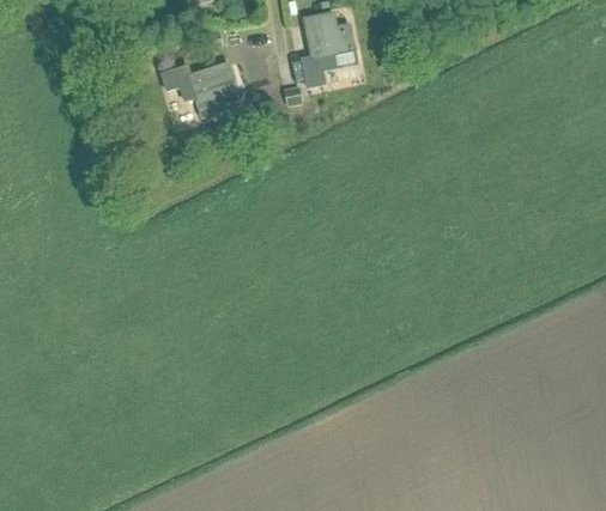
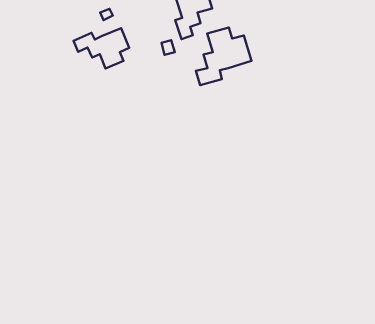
building: none -> [196,27,252,85]

